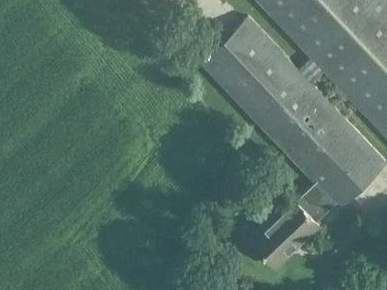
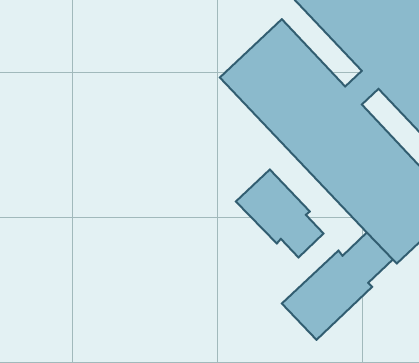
building: none -> [236,170,324,257]

